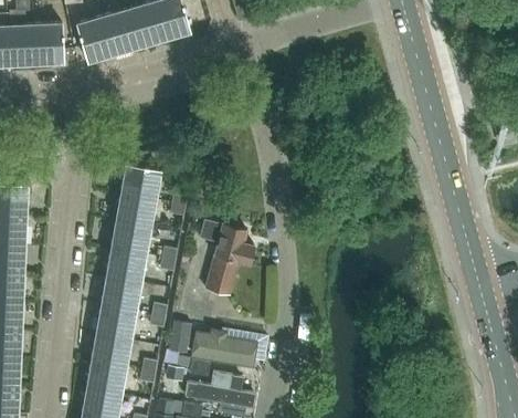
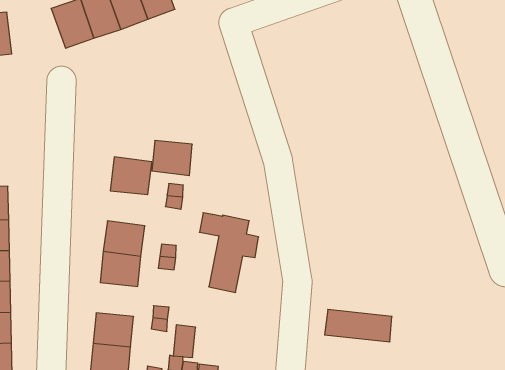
building: [35,23,64,63] -> none
building: [116,195,155,229] -> [152,141,192,176]
building: [101,279,140,312] -> none
building: [192,330,255,363] -> [325,309,392,342]

